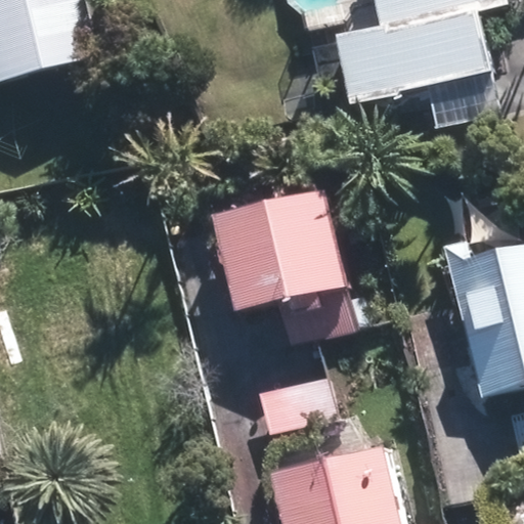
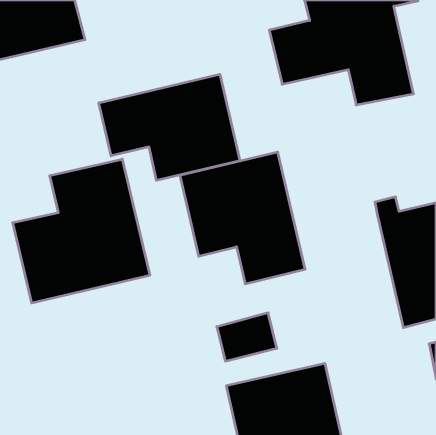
building: none -> [99,74,240,180]
building: none -> [13,159,150,303]

